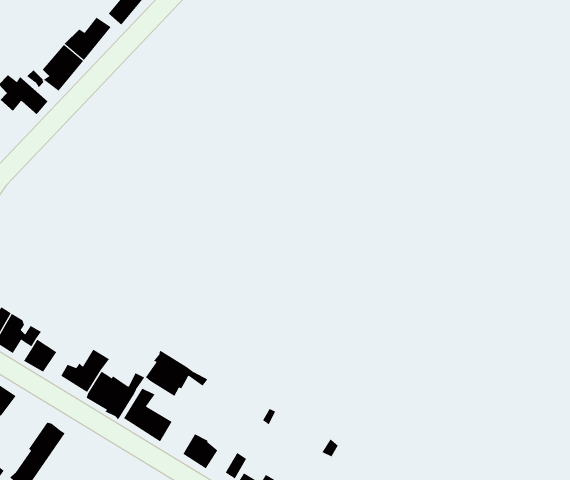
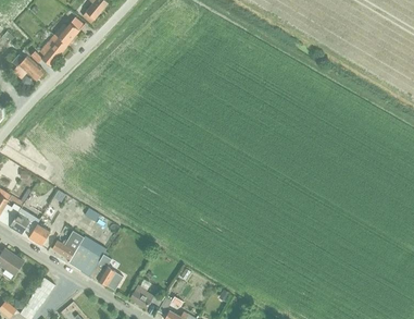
building: [145,350,208,397] -> none

